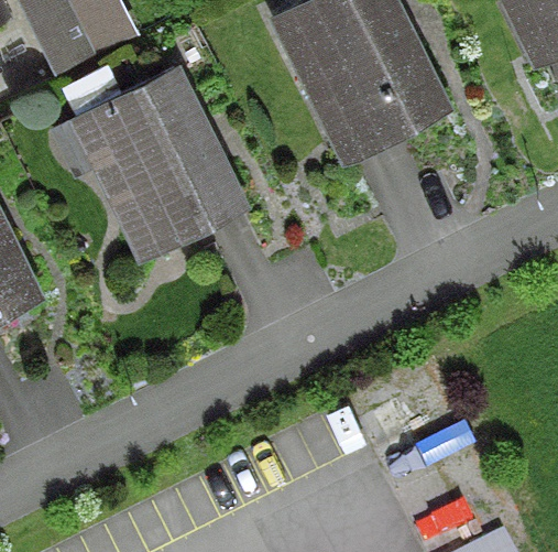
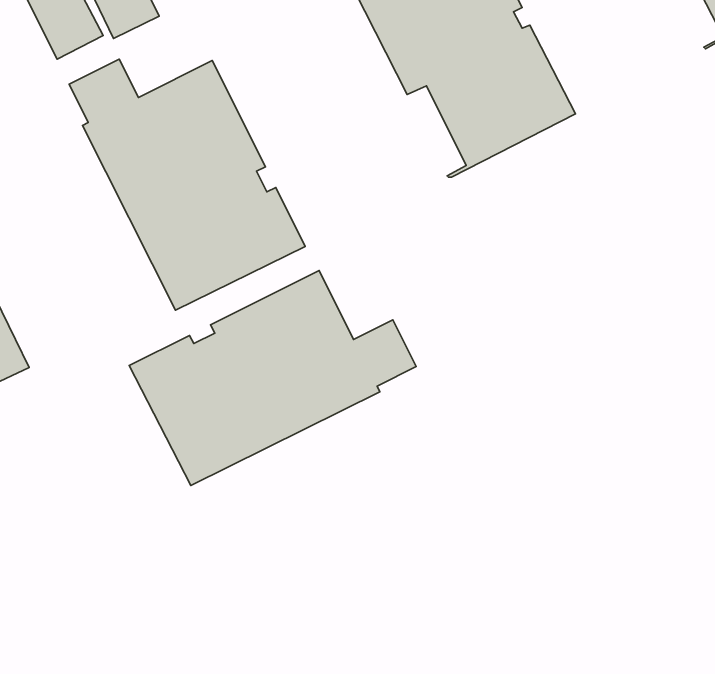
building: none -> [129,271,416,486]

